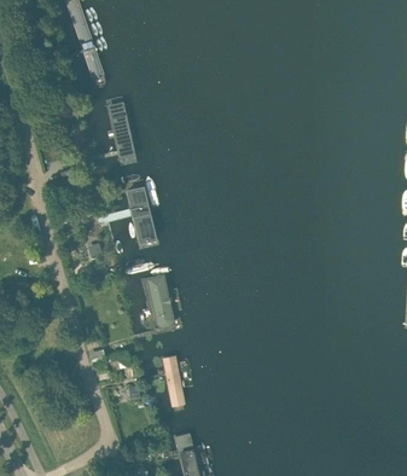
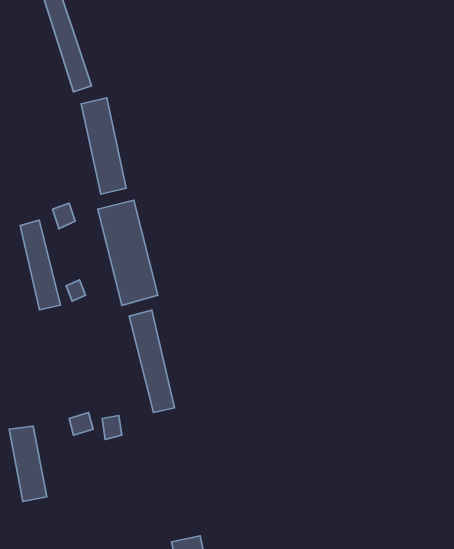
building: none -> [20,220,61,310]
building: [157,352,187,412] -> [9,426,47,501]

